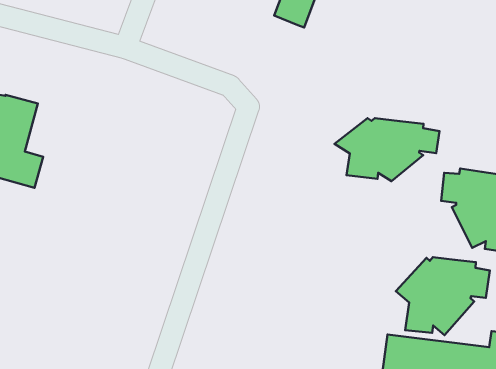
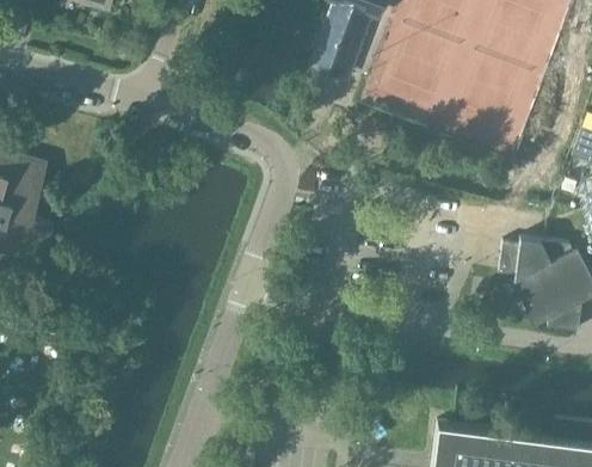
building: [335,118,440,181] -> none
building: [396,257,490,335] -> none

